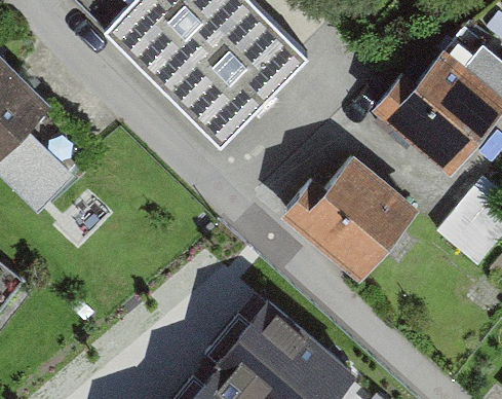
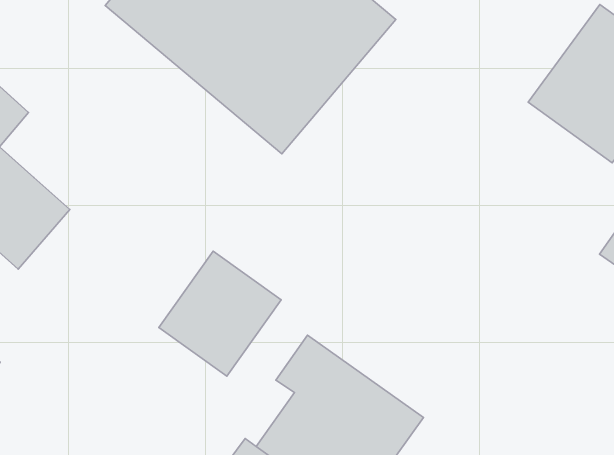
building: [304,161,417,275] -> none
building: none -> [159,251,281,376]

